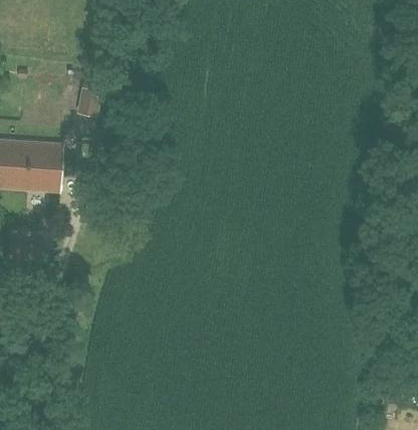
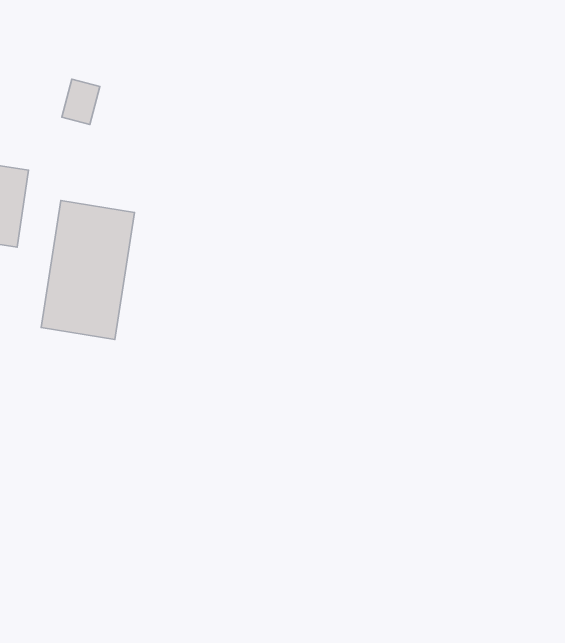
building: none -> [41,201,135,340]

